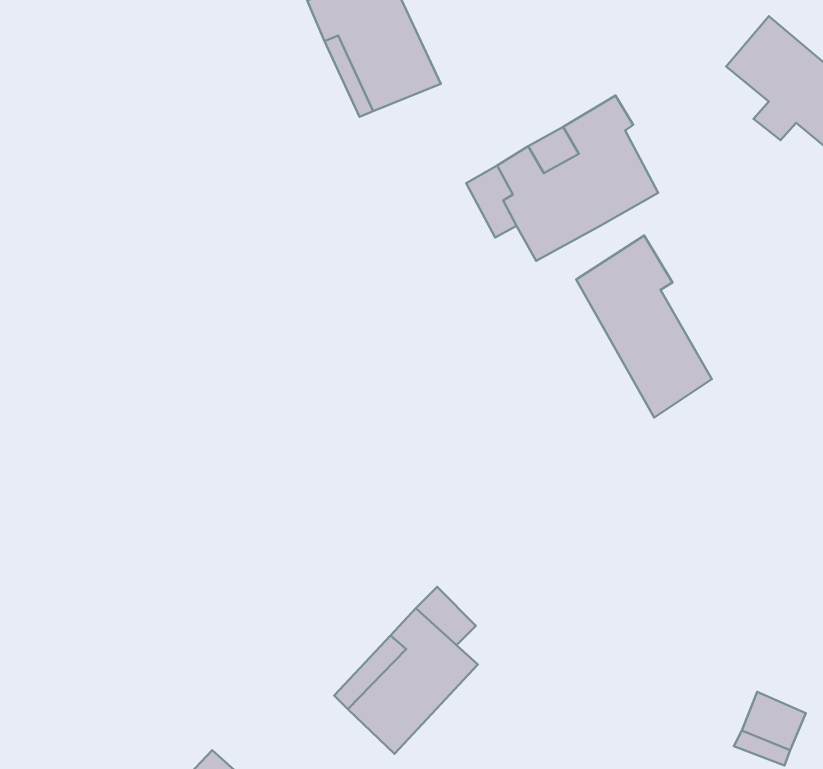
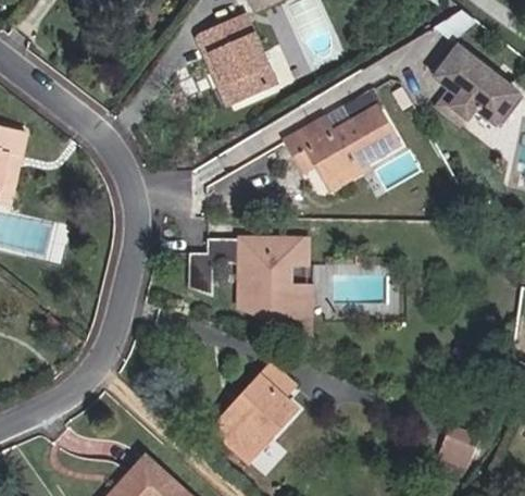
building: [576,235,712,418] -> none
building: none -> [188,238,309,331]

